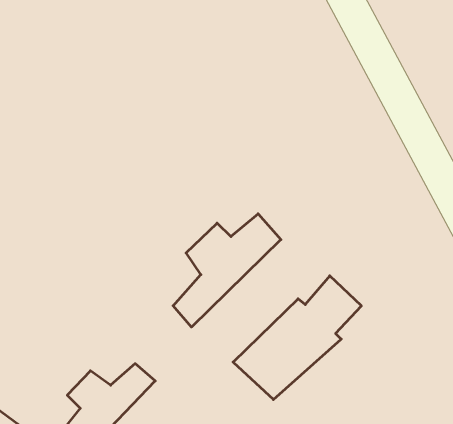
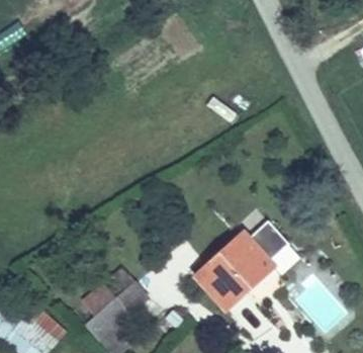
building: [173,214,281,327] -> none

